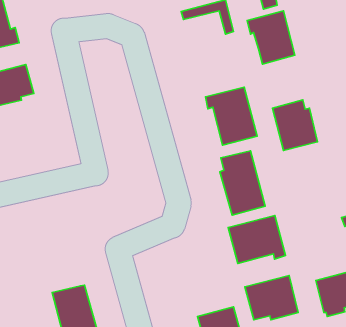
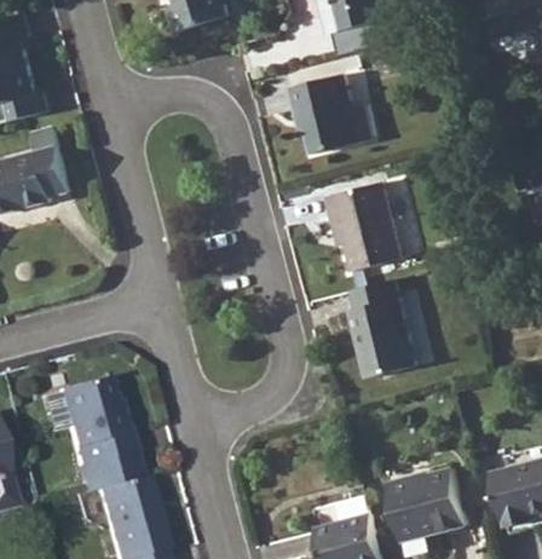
building: [247,11,295,64] -> [292,71,363,151]
building: [272,100,317,151] -> none
building: [228,215,286,264] -> none
building: none -> [57,380,139,495]

